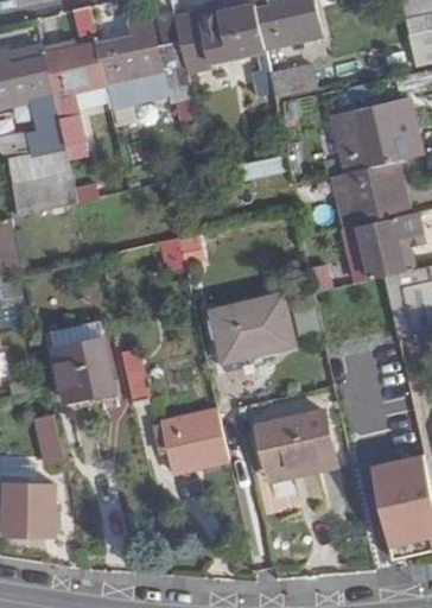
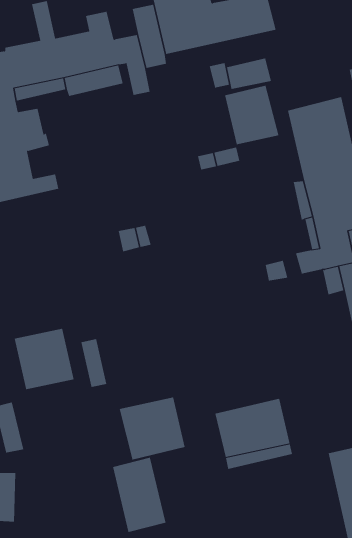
building: none -> [225,85,279,145]
building: [210,293,292,360] -> none
building: none -> [112,457,166,533]

